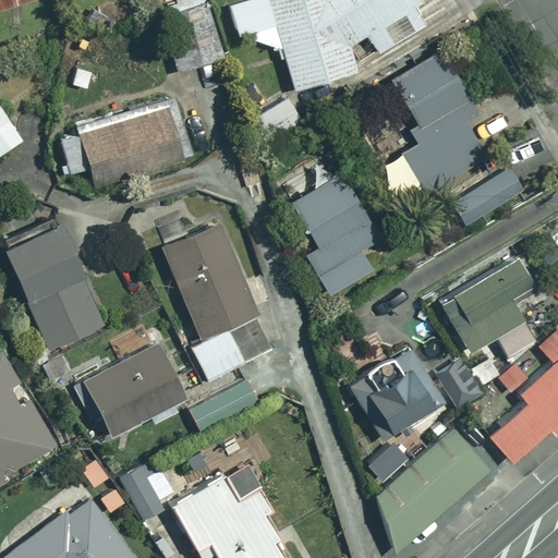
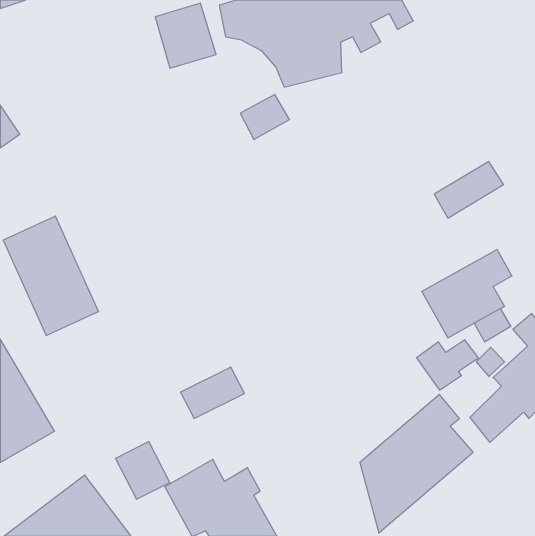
building: [391,50,492,195] -> none
building: [62,107,189,184] -> none
building: [294,175,377,294] -> none
building: [161,222,276,383] -> none
building: [83,342,185,434] -> none
building: [348,353,446,441] -> none

